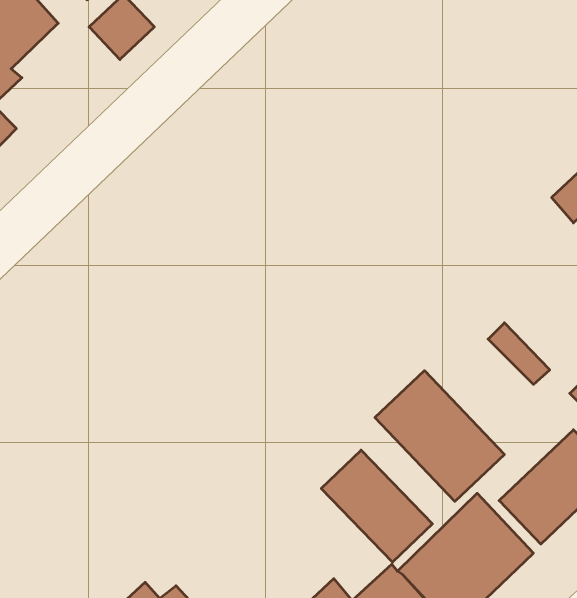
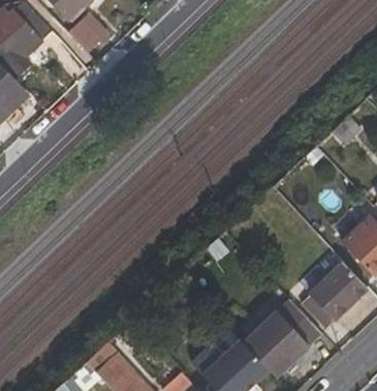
building: [375,371,504,501] -> none
building: [321,450,432,562] -> none

